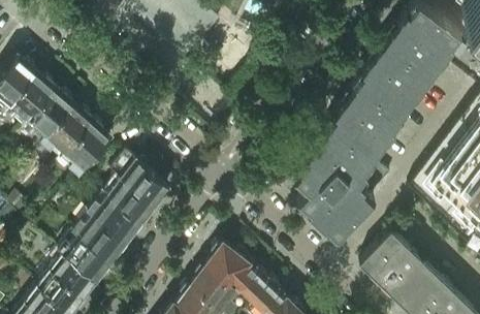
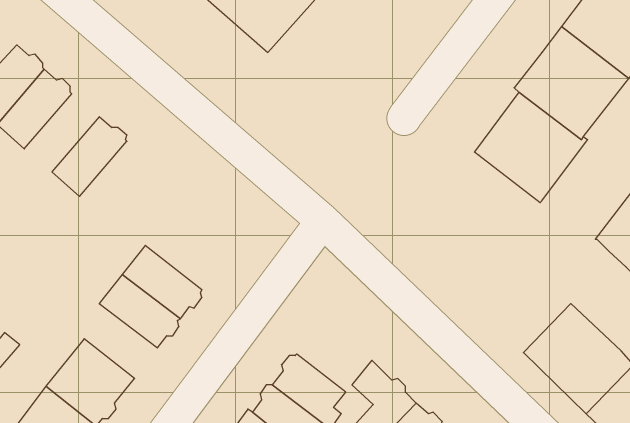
building: [25,90,75,143] -> none
building: [62,122,114,177] -> none
building: [297,131,393,242] -> none
building: [106,153,171,222] -> none
building: [60,231,115,282] -> none
building: [209,243,259,291] -> none

